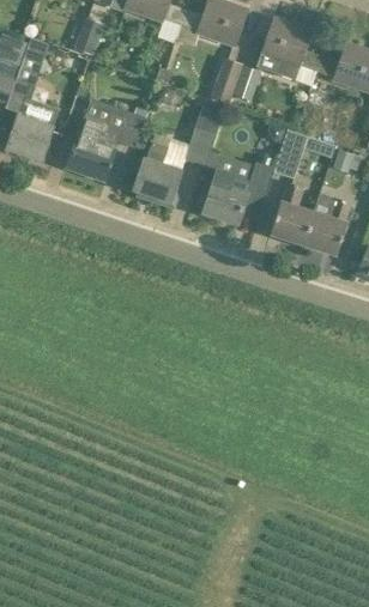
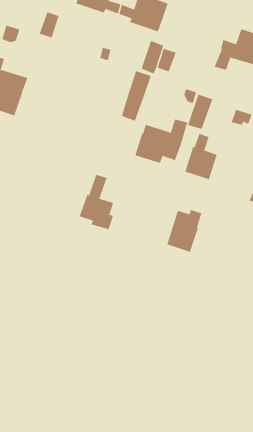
building: [260,17,321,80] -> none
building: [66,103,144,181] -> none
building: [133,133,180,207] -> [79,174,114,230]
building: [303,198,351,255] -> [167,209,202,252]

